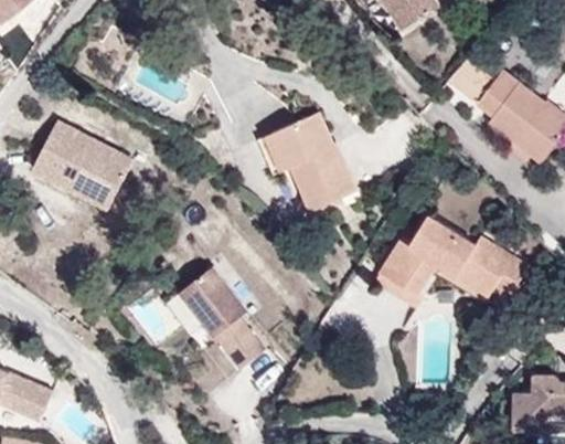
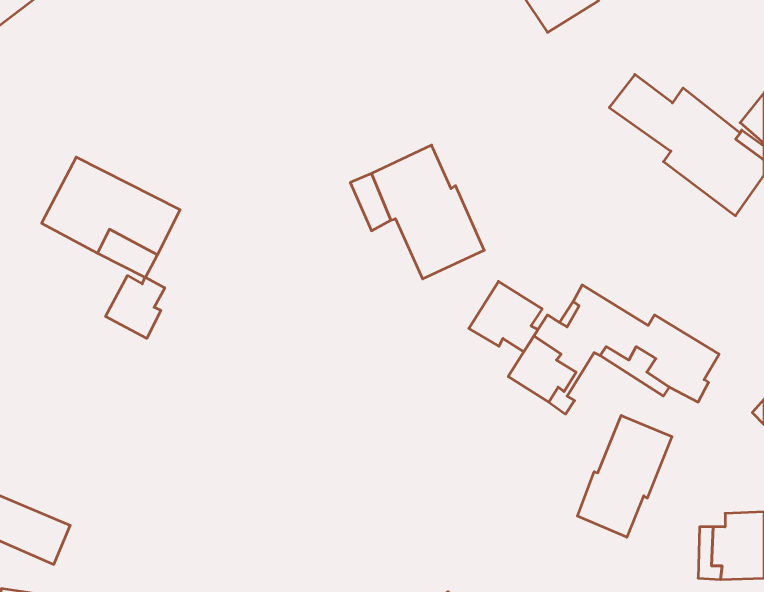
building: none -> [106,276,165,338]
building: none -> [469,281,542,352]
building: [179,266,263,369] -> none
building: none -> [577,415,672,537]

